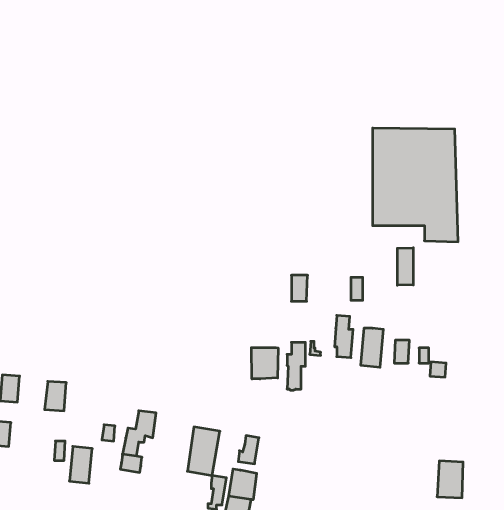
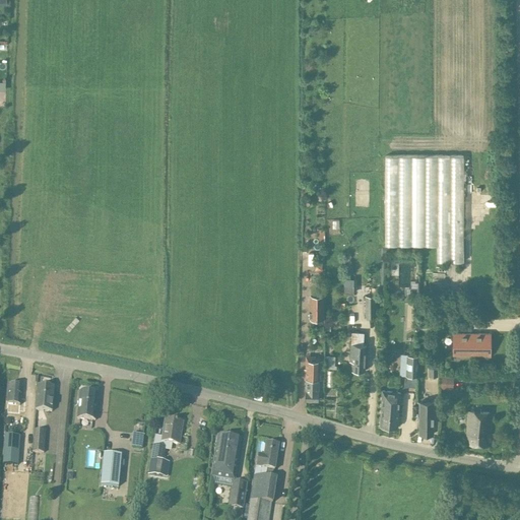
building: [397,248,413,285] -> none
building: none -> [453,332,490,354]
building: [361,328,383,367] -> [379,389,400,426]
building: [251,348,278,379] -> none
building: none -> [418,400,433,433]
building: [437,461,463,498] -> [466,409,491,444]

